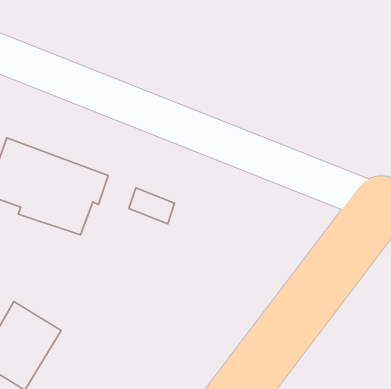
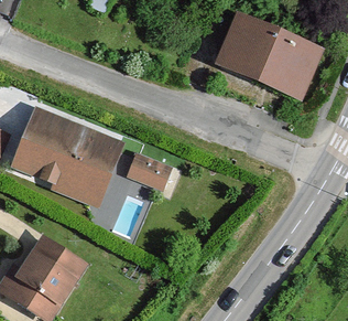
building: none -> [222,15,316,89]

